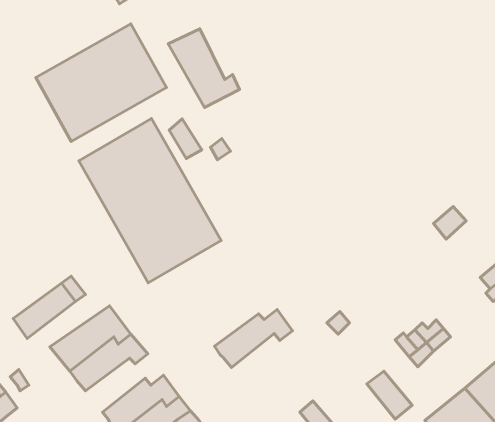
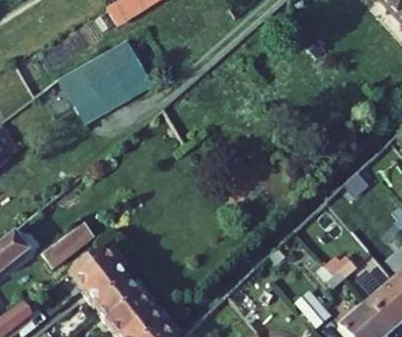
building: [168,29,240,108] -> none
building: [79,118,221,283] -> none
building: [215,309,293,368] -> [93,279,149,321]

